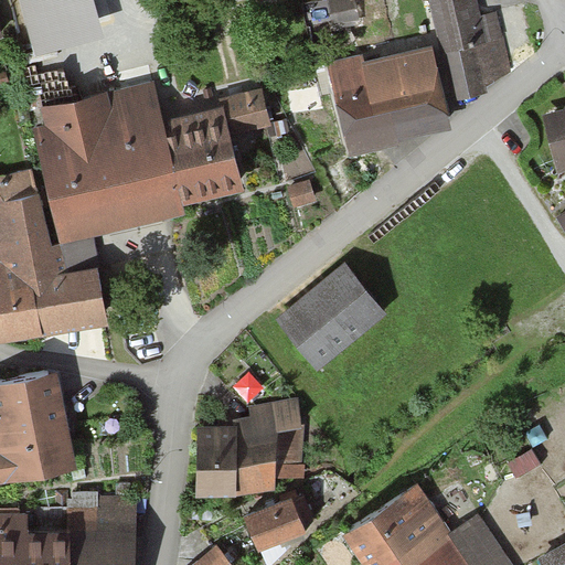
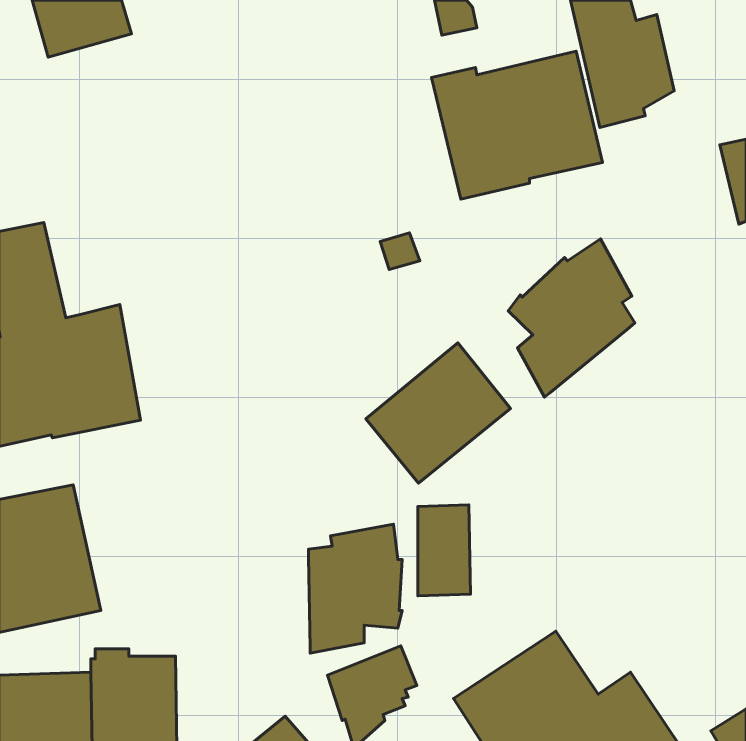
building: [32,84,270,243] -> none
building: none -> [508,239,635,397]
building: [194,426,234,494] -> [418,505,470,596]

